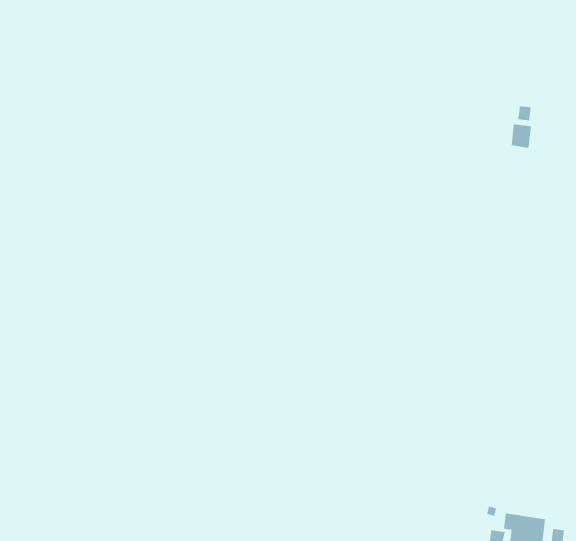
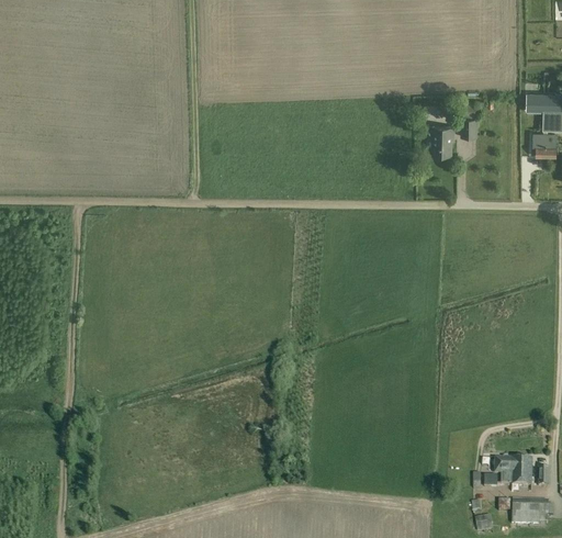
building: none -> [429,125,456,154]

